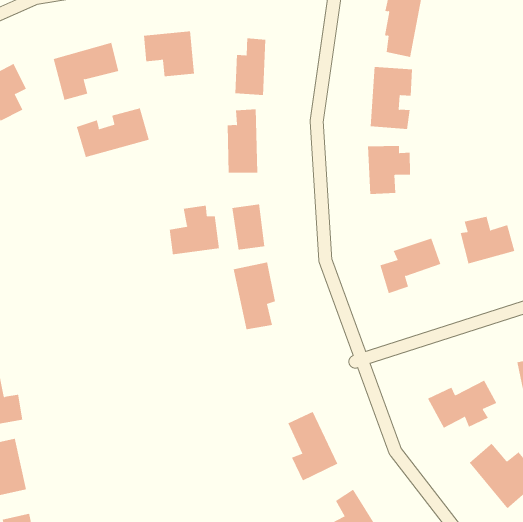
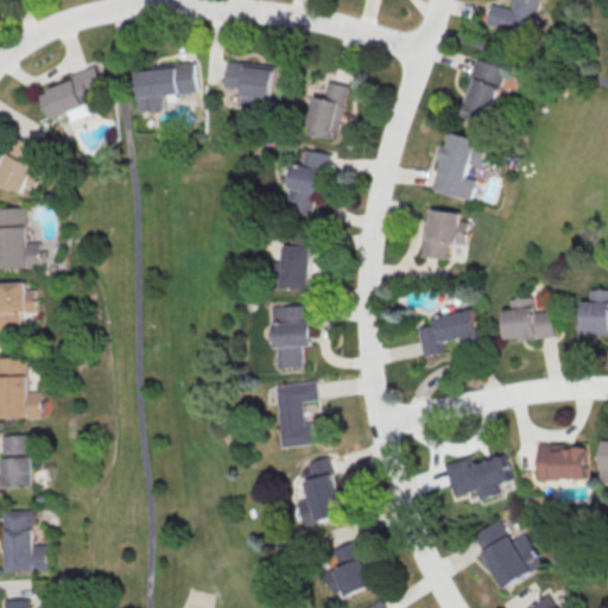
building: [76,108,149,158] -> none
building: [169,205,220,255] -> none
building: none -> [276,382,317,448]

